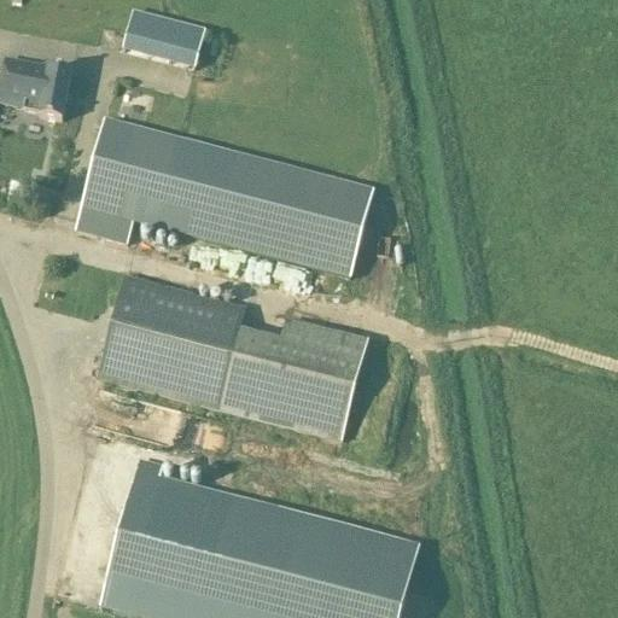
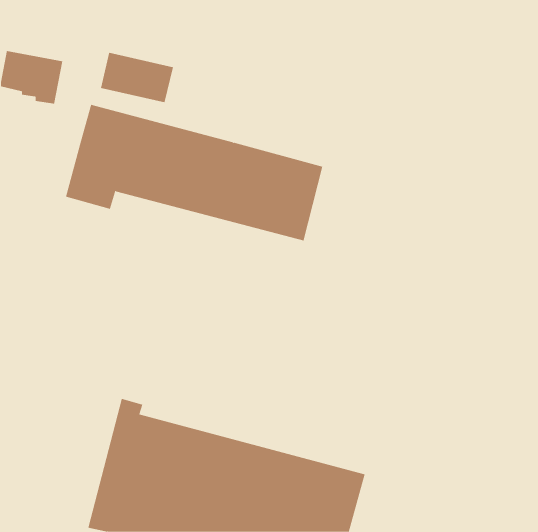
building: [127,7,211,65] -> [100,52,174,103]
building: [99,279,368,441] -> none

